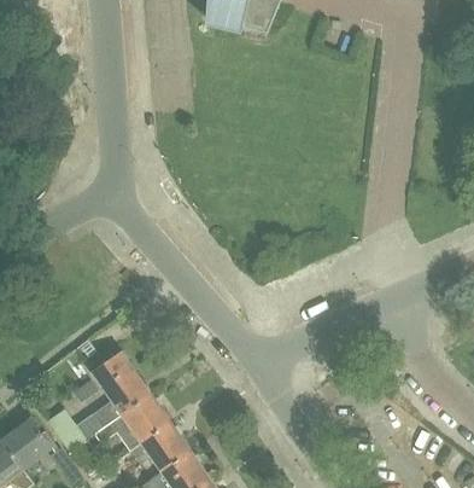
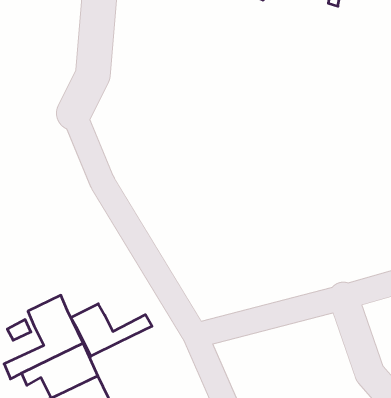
building: none -> [71,304,152,356]

